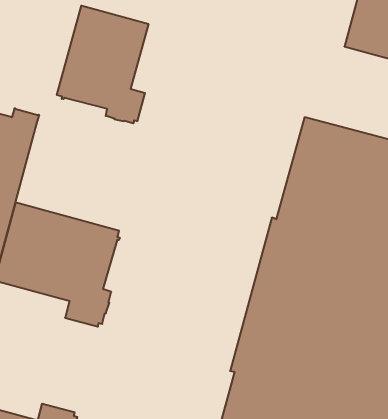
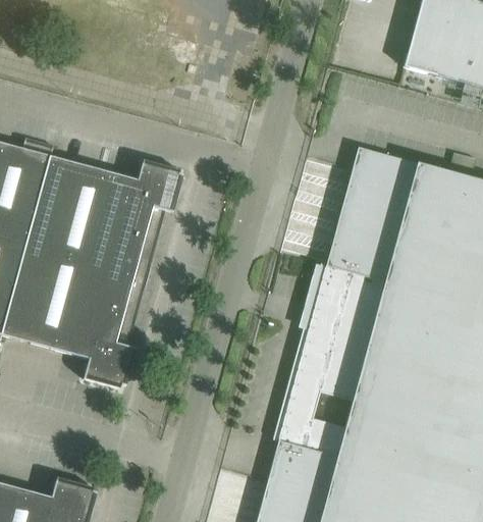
building: [57,6,148,123] -> none
building: none -> [25,157,183,279]

